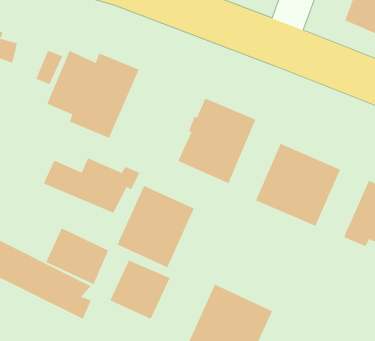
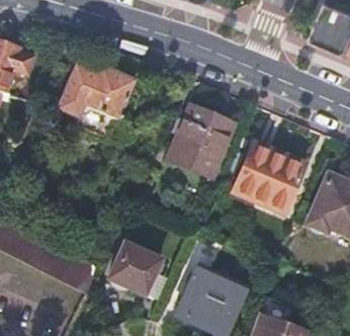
building: [43,158,140,213] -> none
building: [117,185,195,268] -> none
building: [46,228,109,285] -> none

